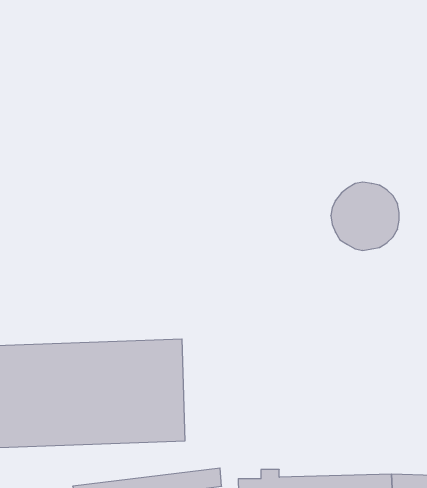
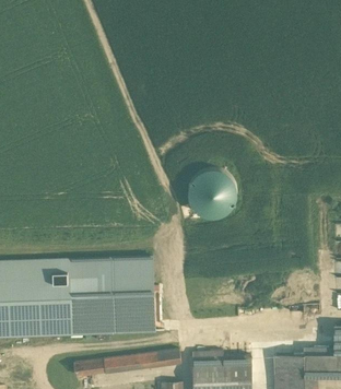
building: [331,182,399,250] -> [188,169,237,219]

